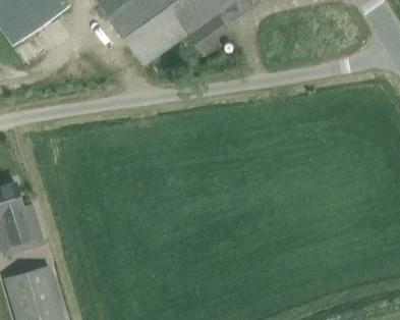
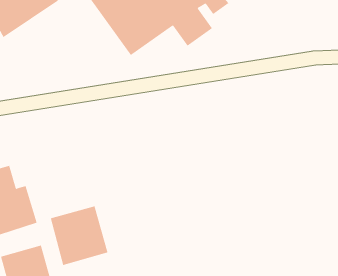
building: none -> [50,205,108,266]

